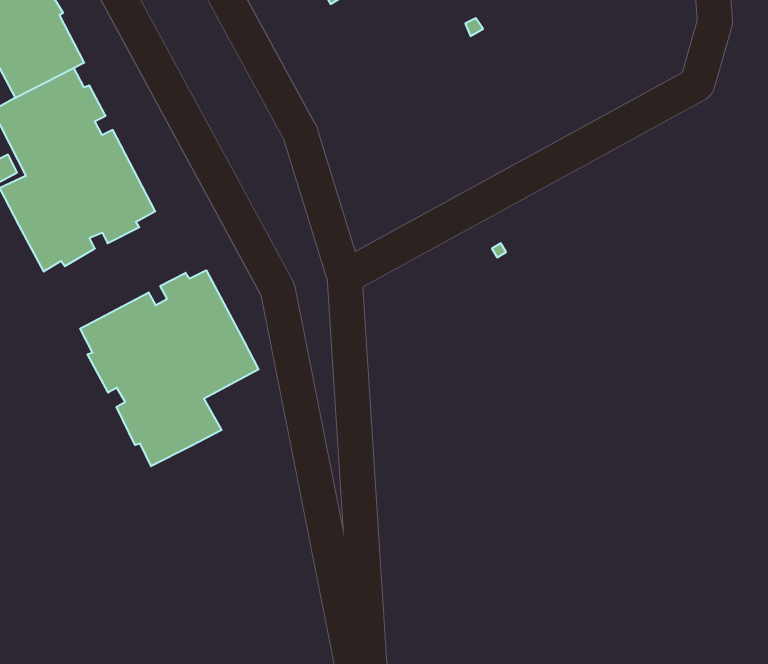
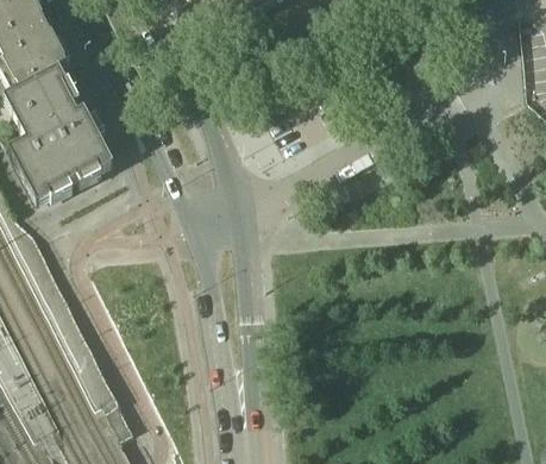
building: [80,270,258,466] -> none

